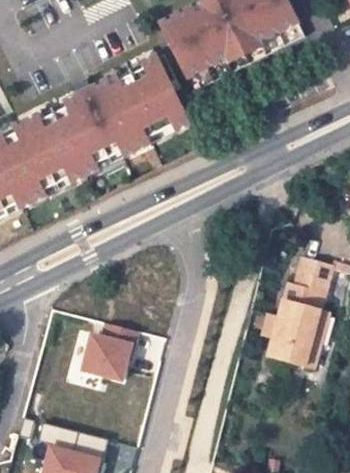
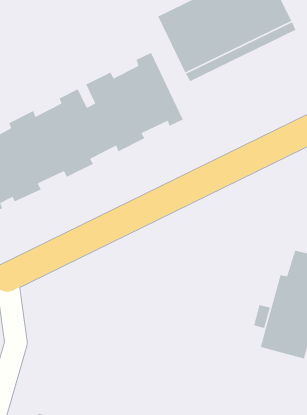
building: [84,322,131,380] -> none

